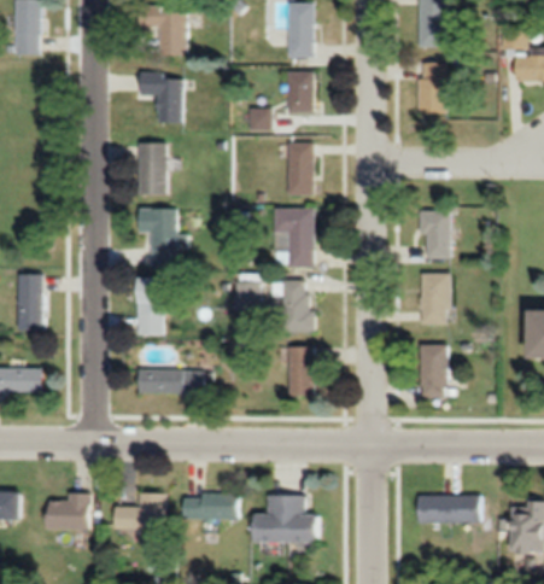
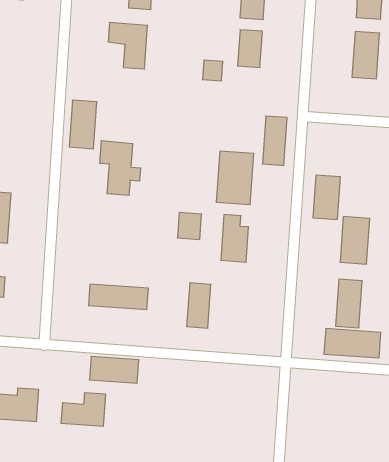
building: [139,142,166,195] -> [69,100,97,149]
building: [288,142,312,197] -> [262,116,287,165]
building: [421,212,449,261] -> [313,175,340,219]
building: [138,279,163,337] -> none
building: [288,348,312,397] -> [187,283,211,328]
building: [183,495,238,521] -> [89,356,139,383]
building: [253,495,316,543] -> none
building: [415,495,478,524] -> [324,329,381,358]

